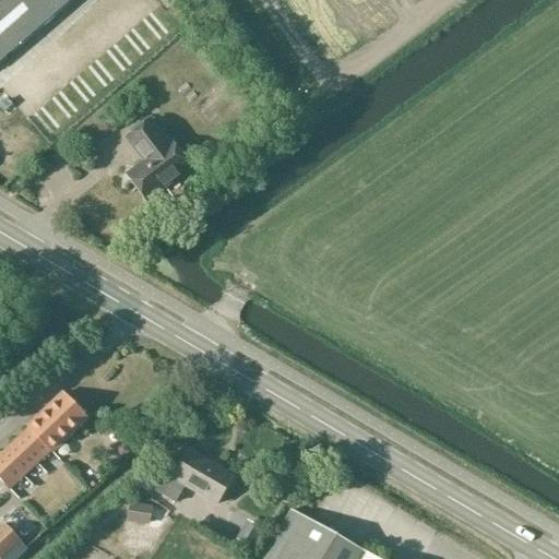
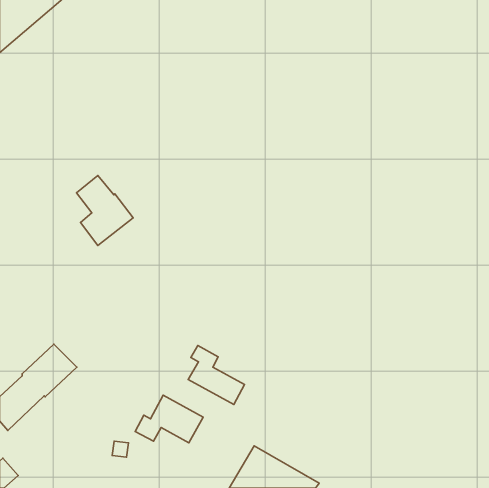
building: [126,118,190,198] -> [77,176,133,246]
building: none -> [188,345,244,404]

